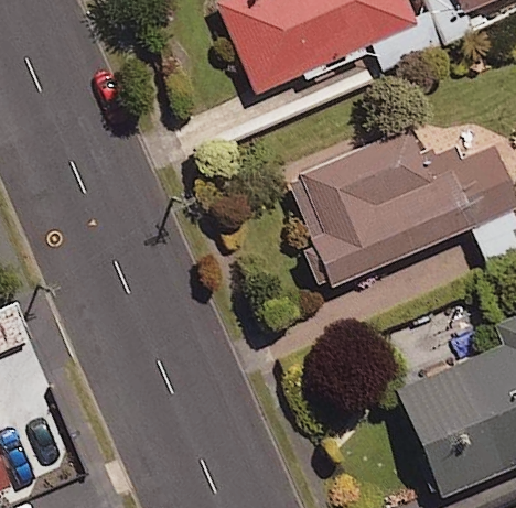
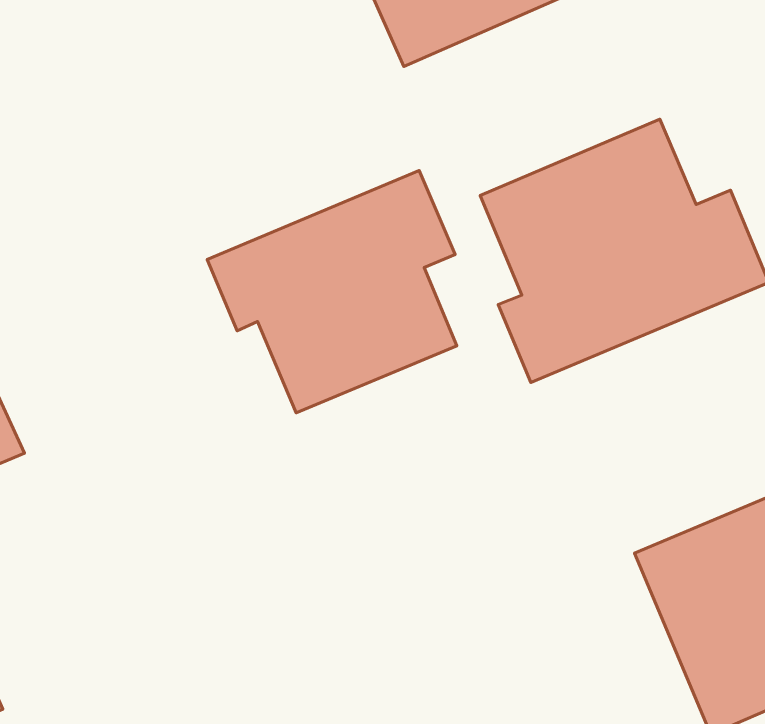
building: none -> [207,170,457,413]

